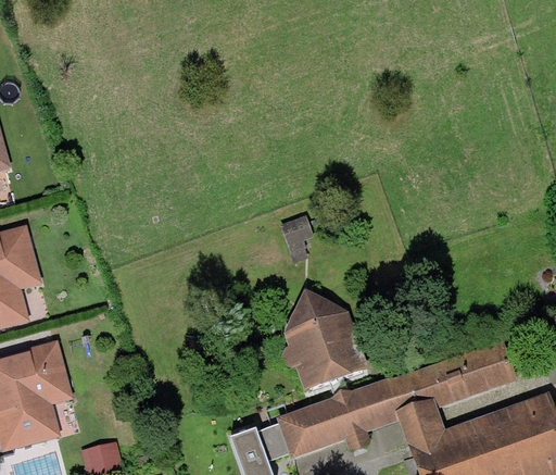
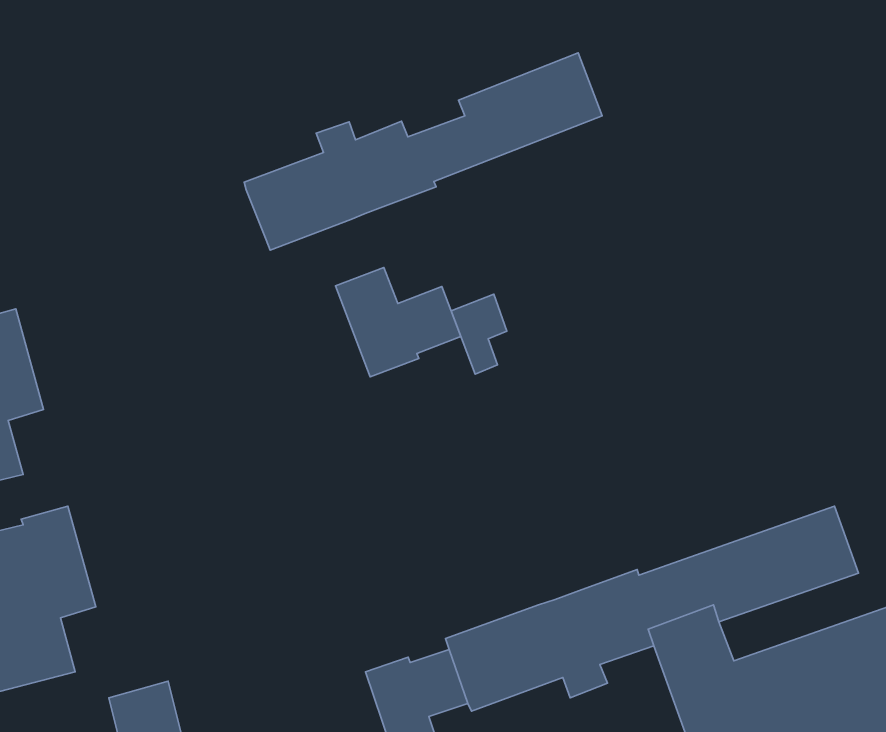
building: none -> [244,53,602,250]
building: none -> [335,267,461,377]
building: [279,287,368,389] -> none

